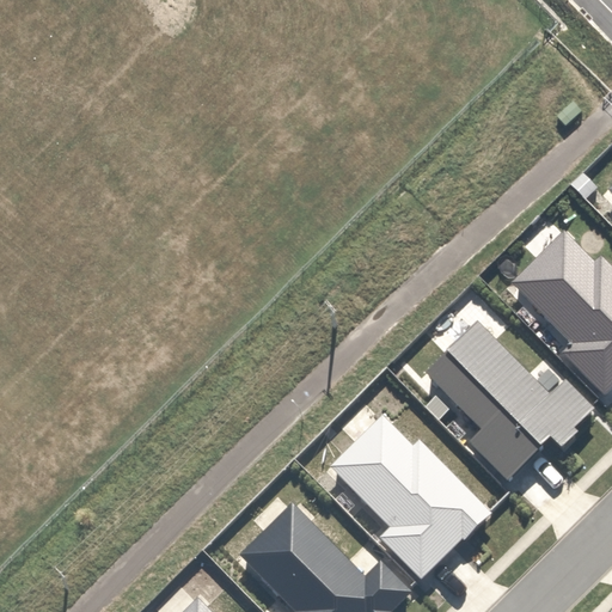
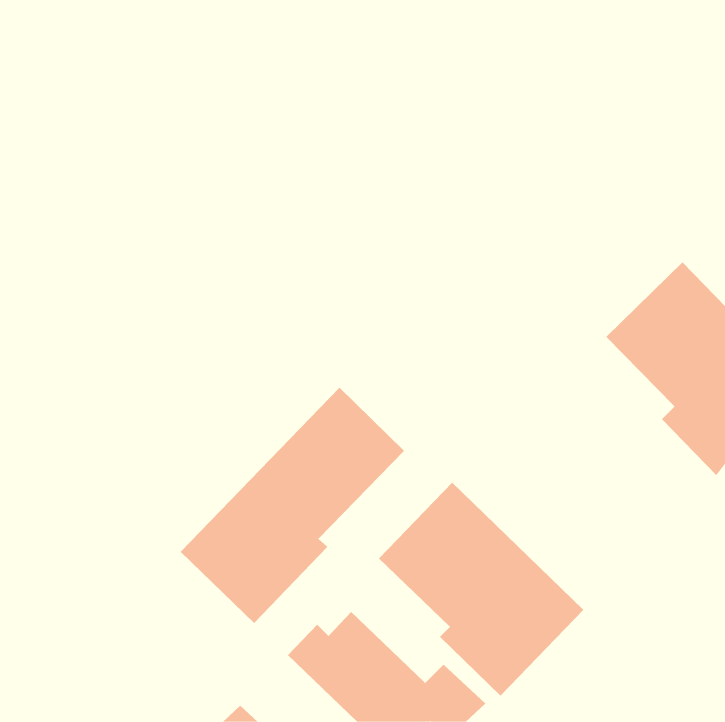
building: [420,319,605,503] -> none
building: none -> [180,387,405,624]

